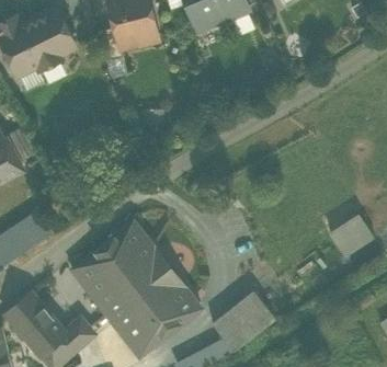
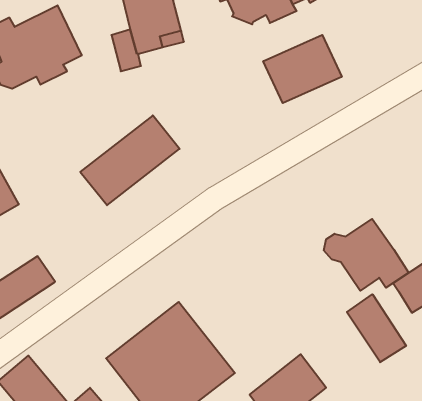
building: none -> [263,35,342,103]
building: none -> [324,219,409,291]
building: [72,221,153,295] -> [80,115,180,205]
building: none -> [347,294,406,362]

